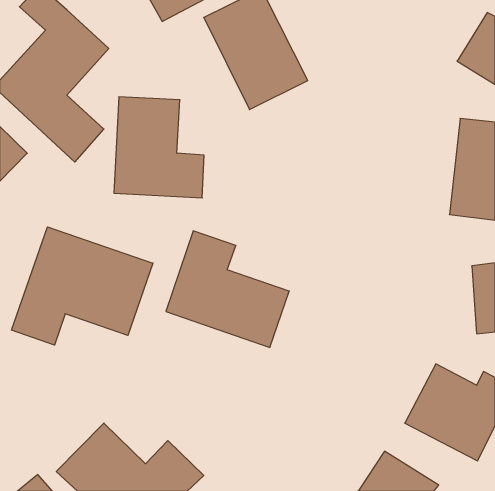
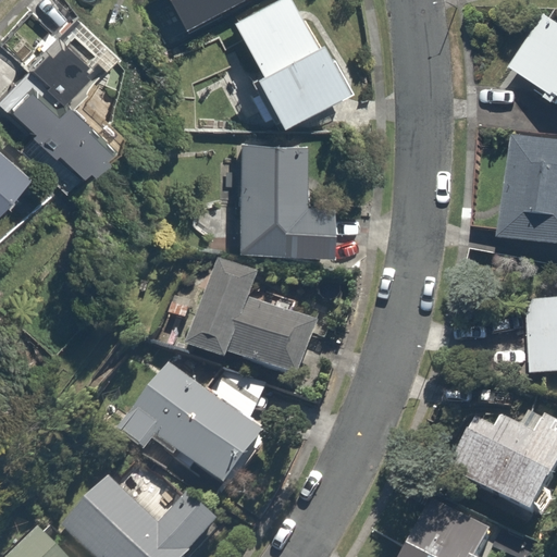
building: [114,97,204,198] -> [234,140,335,253]
building: [11,227,153,345] -> none
building: none -> [117,362,276,498]

